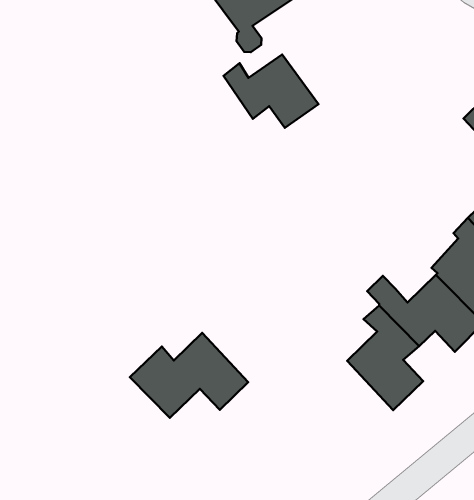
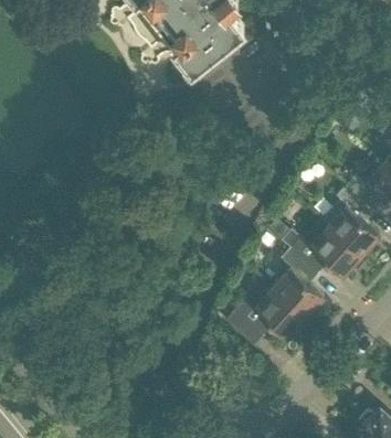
building: [223,54,318,128] -> none
building: [130,333,248,418] -> [226,288,306,346]

